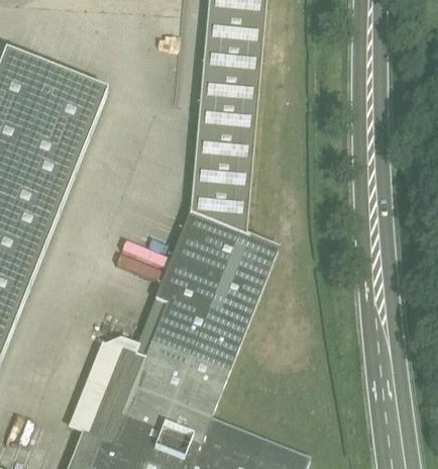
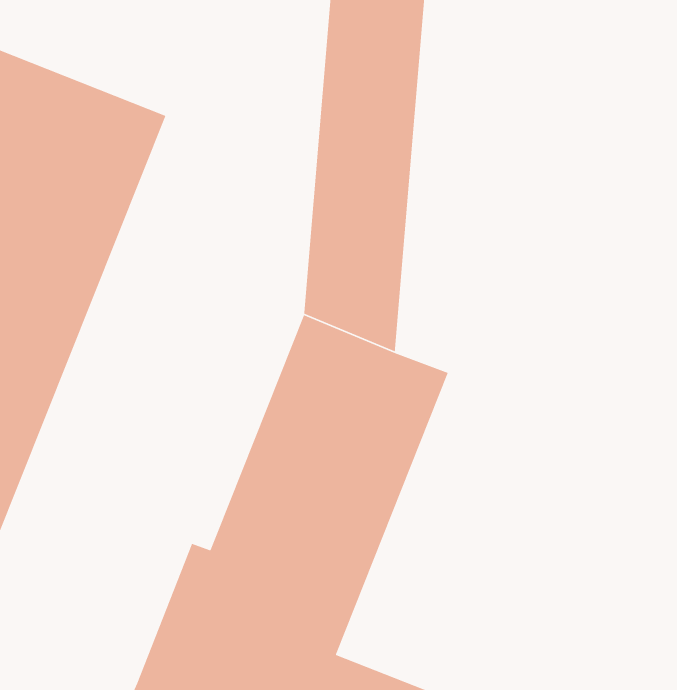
building: [72,338,137,436] -> none

